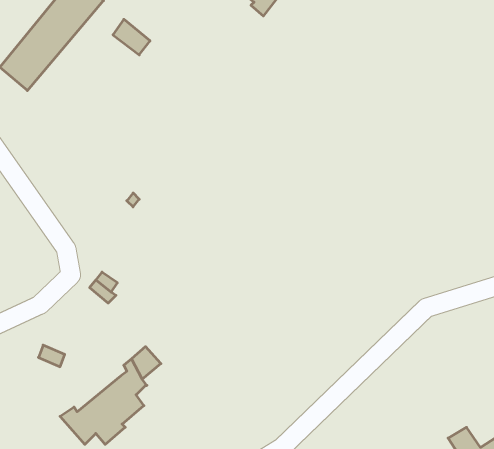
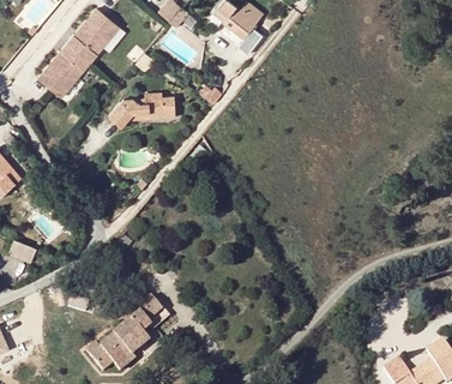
building: none -> [106,94,174,128]

